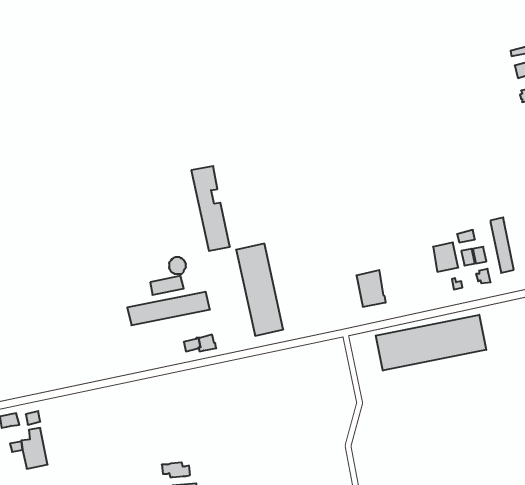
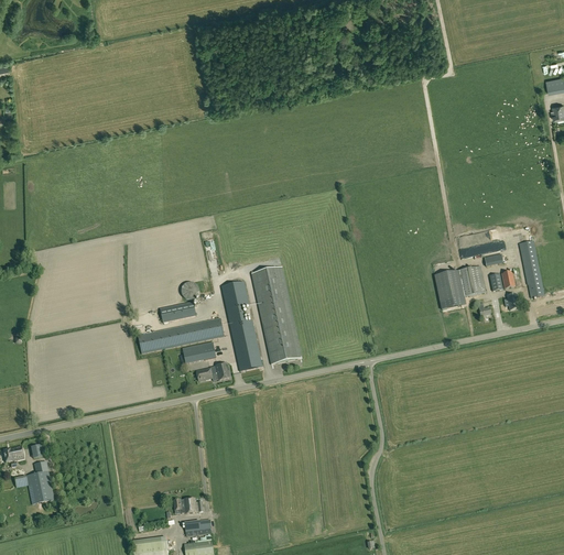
building: [191,166,230,251] -> [220,282,261,371]
building: [356,270,386,307] -> [434,271,465,309]
building: none -> [182,341,216,364]
building: [376,315,486,371] -> none

